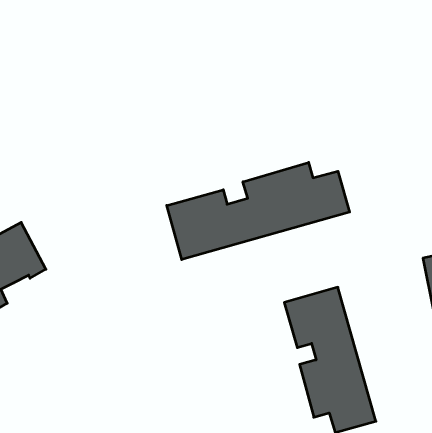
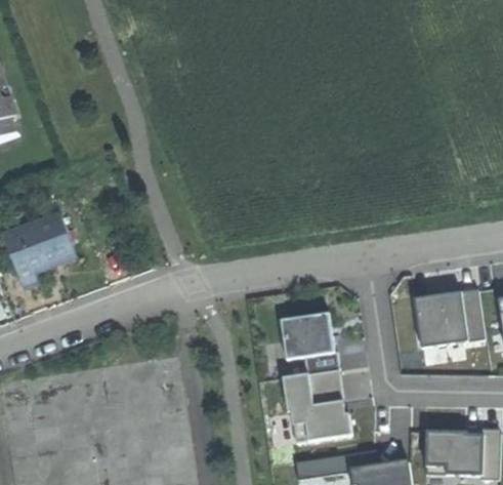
building: [167,162,350,260] -> none

